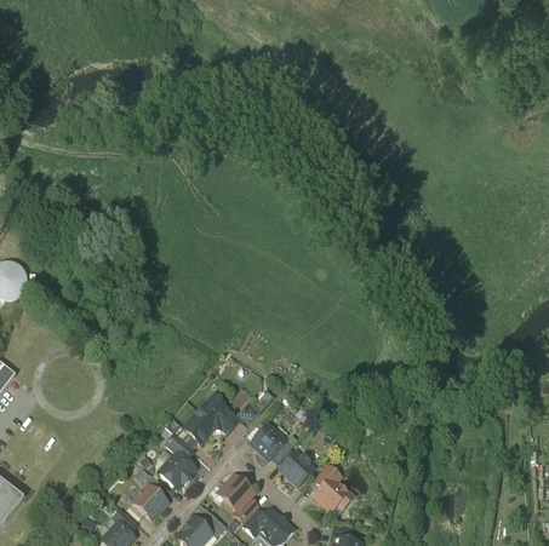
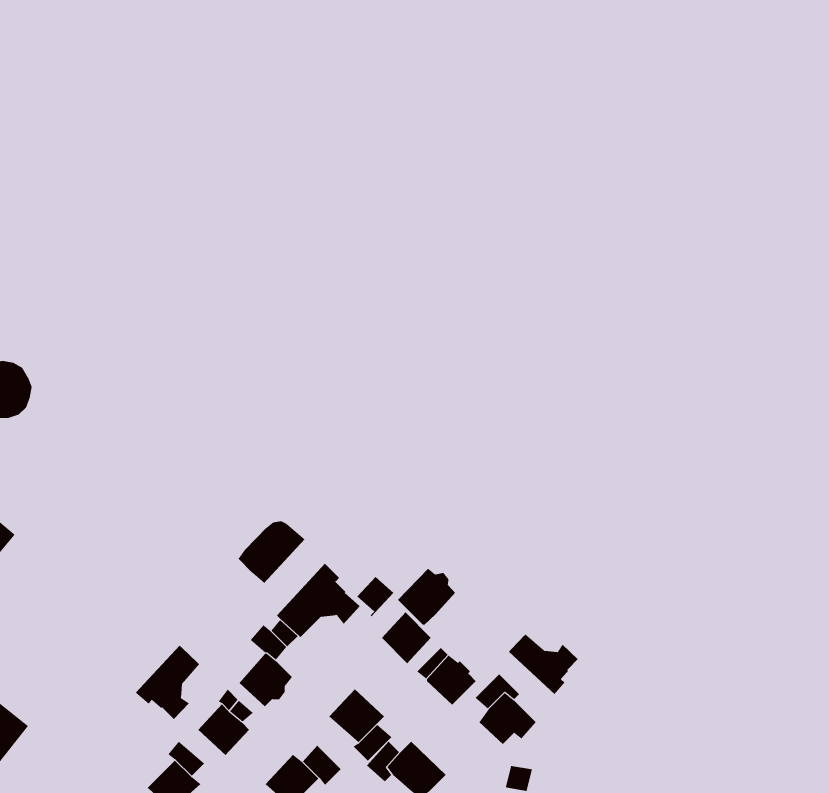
building: none -> [238,520,305,584]
building: none -> [397,568,456,625]
building: none -> [508,633,579,695]
building: none -> [135,645,200,720]

